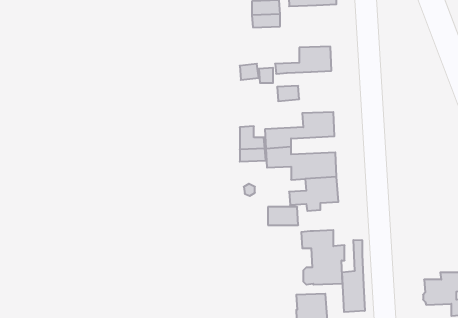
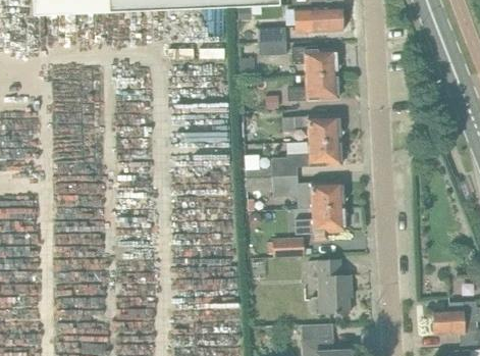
building: none -> [291,48,337,74]
building: none -> [308,114,340,141]
building: [342,240,365,312] -> none

